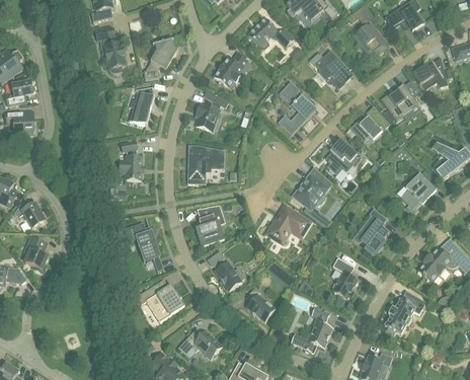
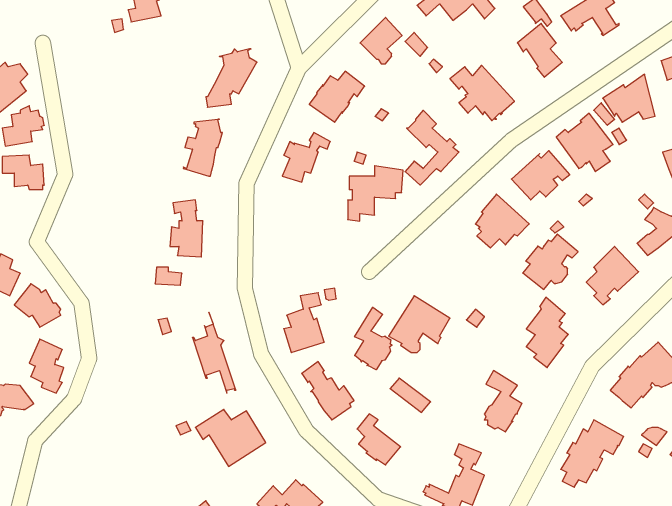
building: [94,26,125,72] -> none
building: [186,146,224,183] -> [348,166,403,221]
building: [294,170,331,208] -> [523,234,578,289]
building: none -> [355,307,392,370]

